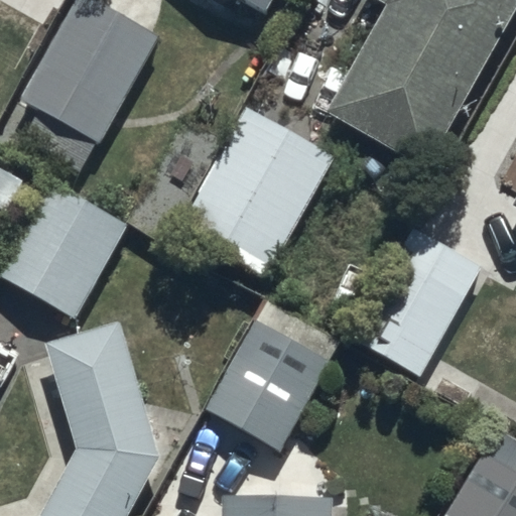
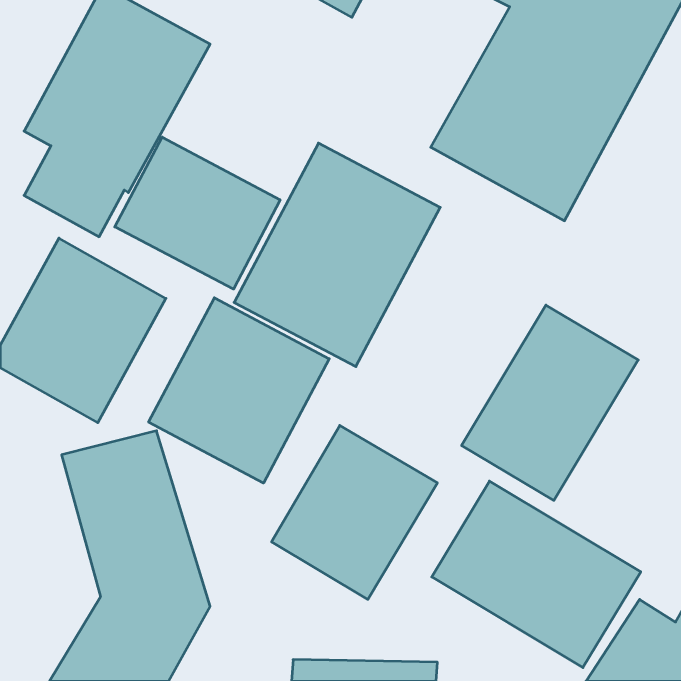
building: none -> [115,137,280,289]
building: none -> [149,298,329,483]
building: none -> [432,481,641,668]

